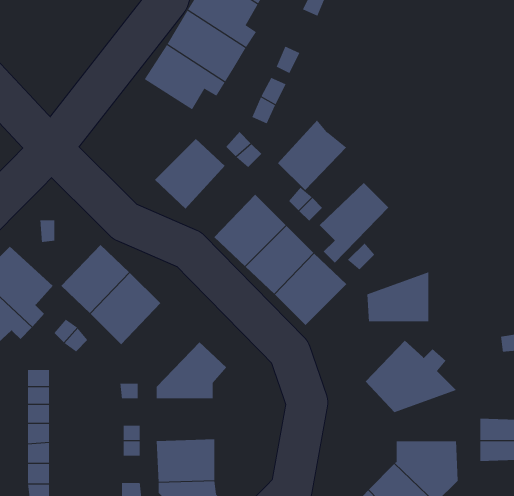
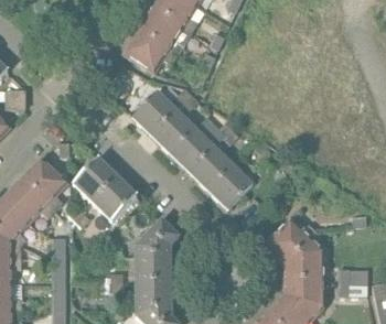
building: [277,120,347,191] -> [151,107,195,152]
building: [319,182,389,264] -> none
building: [367,271,429,322] -> [283,249,323,281]
building: none -> [132,255,170,281]

